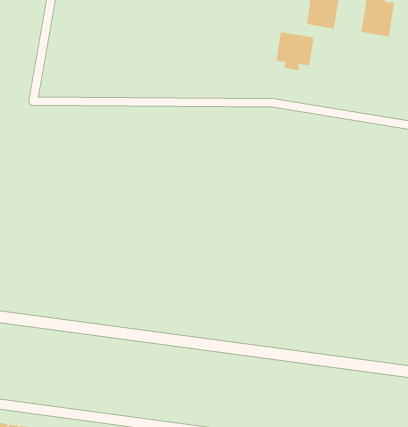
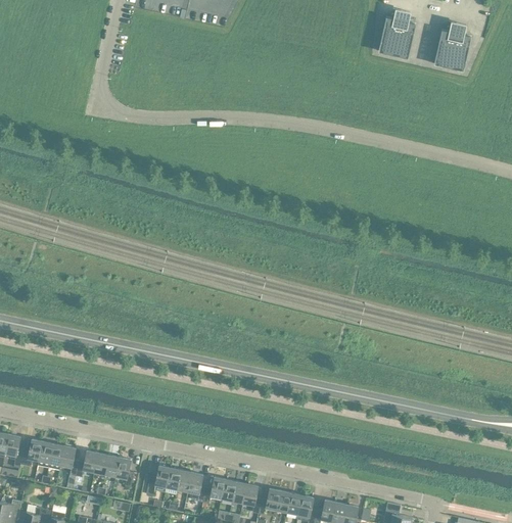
building: [276,32,314,71] -> none

